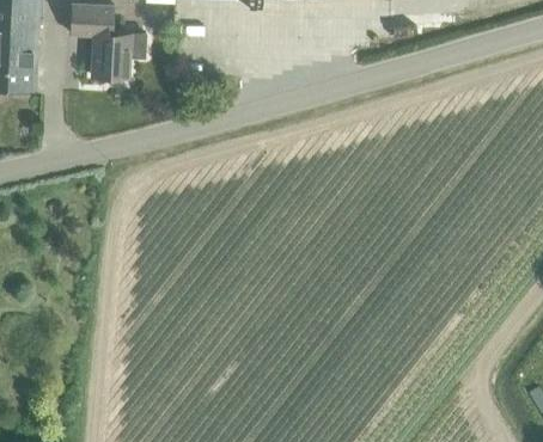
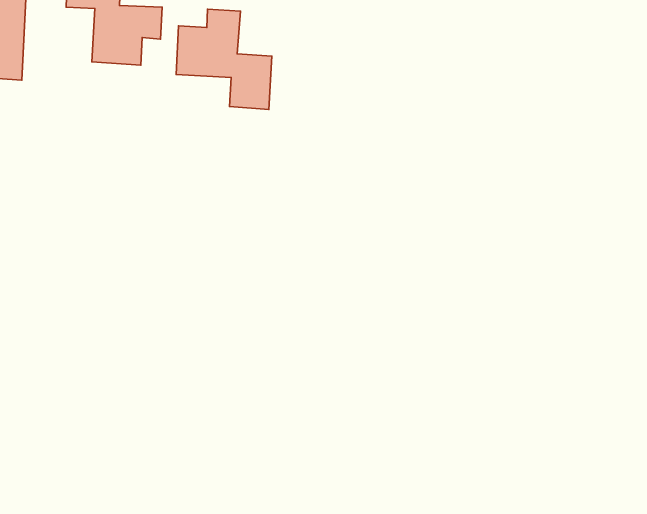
building: none -> [176,9,272,109]

